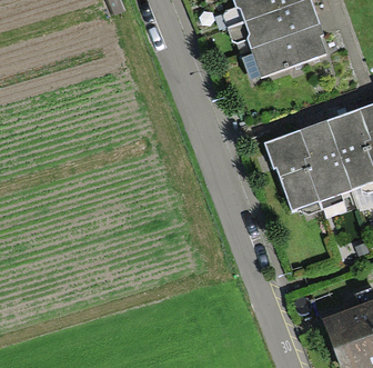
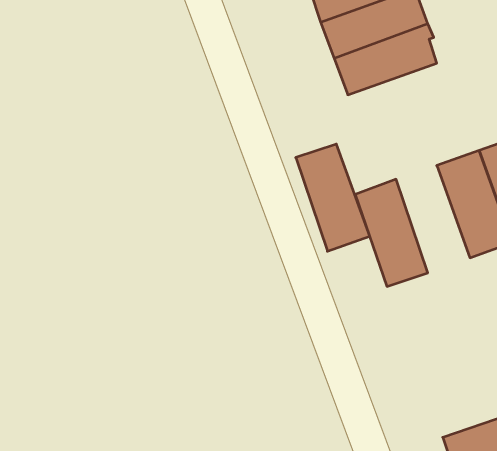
building: [296,122,351,201] -> [296,144,370,251]

